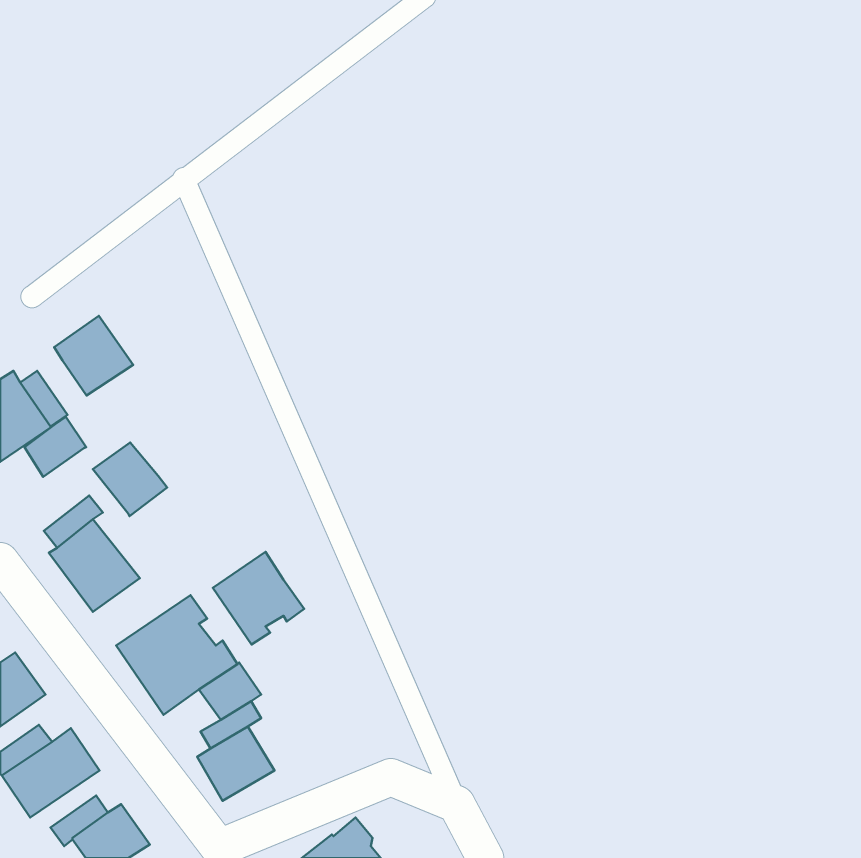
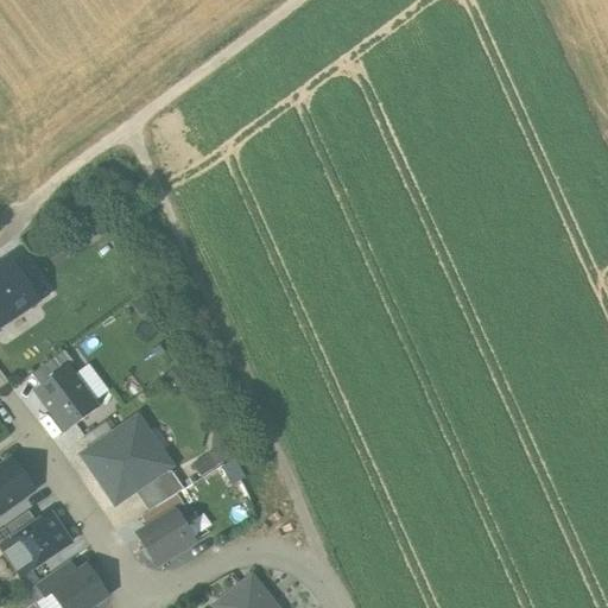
building: [54,316,133,396] -> none
building: [25,417,86,477] -> none
building: [93,442,167,516] -> none
building: [213,552,304,645] -> none

